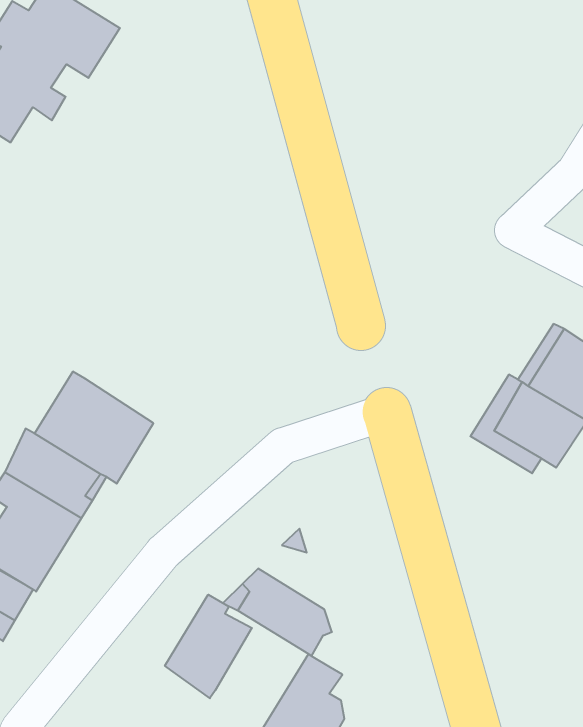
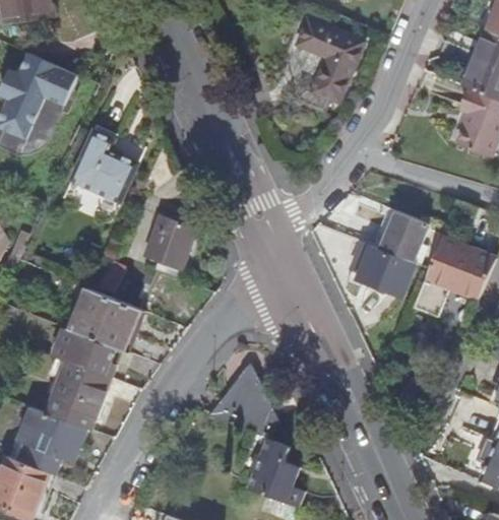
building: none -> [297,17,364,110]
building: none -> [70,130,137,202]
building: none -> [145,214,196,268]
building: [165,595,252,698] -> none

